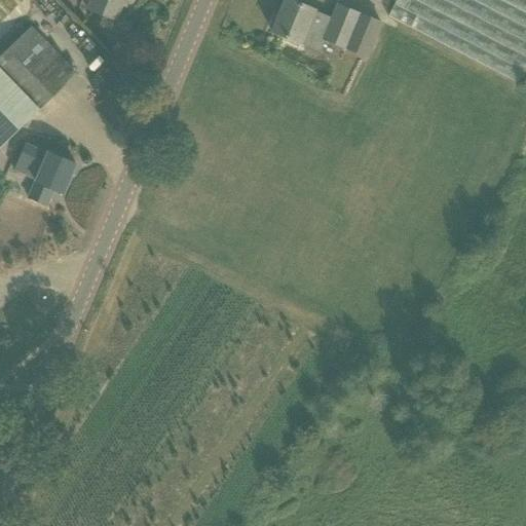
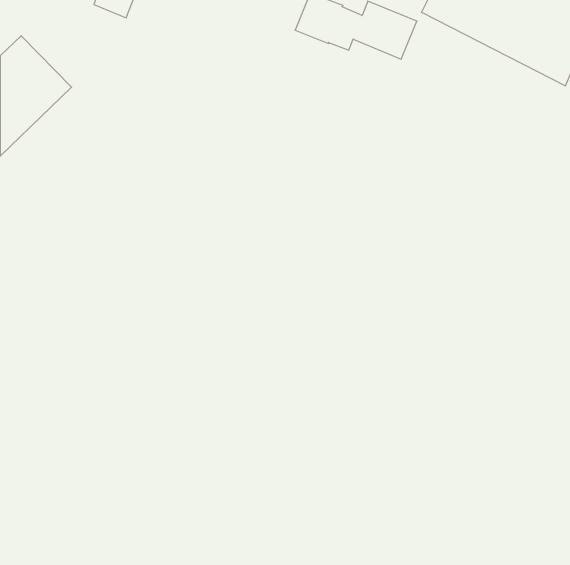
building: [15,140,77,201] -> none

